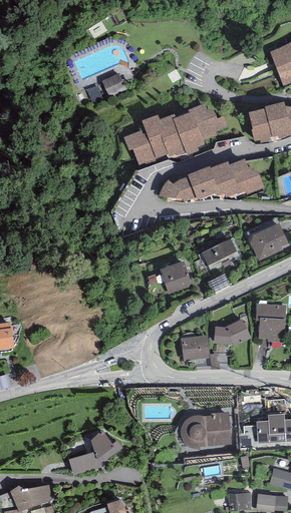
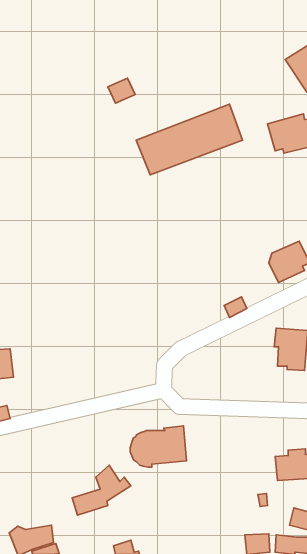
building: [160,164,262,198] -> none
building: [202,237,240,269] -> none
building: [160,260,193,294] -> none
building: [214,319,252,346] -> none
building: [181,335,210,361] -> none
building: [180,411,232,449] -> [130,426,187,467]

